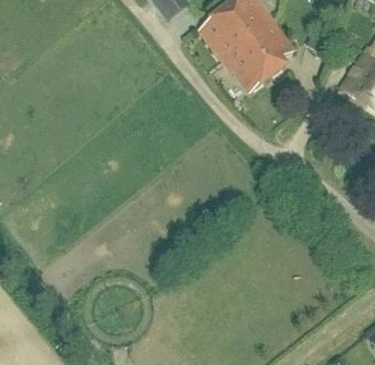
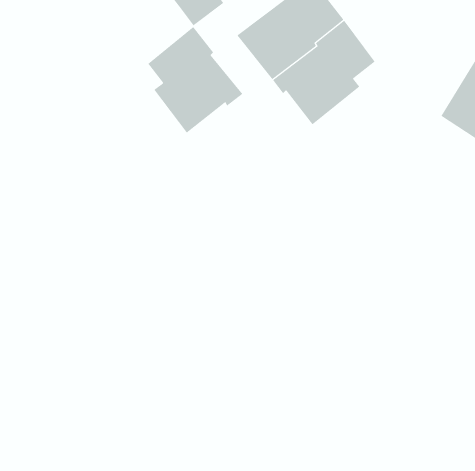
building: none -> [147,26,243,133]

